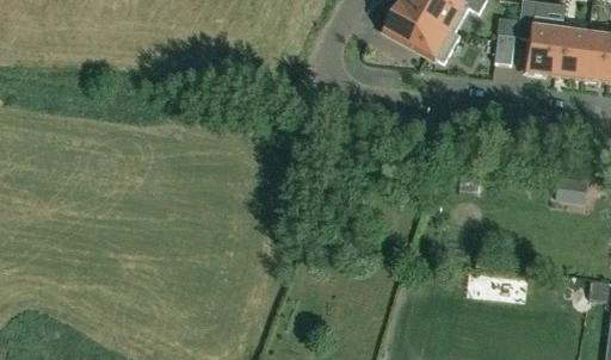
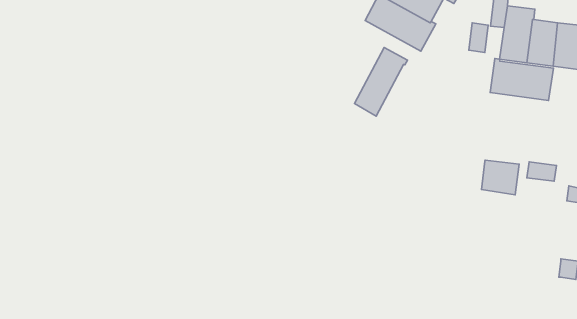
building: none -> [354,48,408,116]
building: none -> [490,58,553,100]
building: none -> [481,160,519,195]

